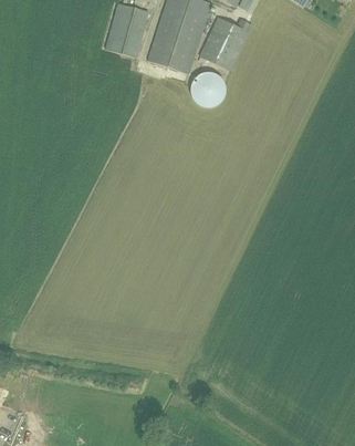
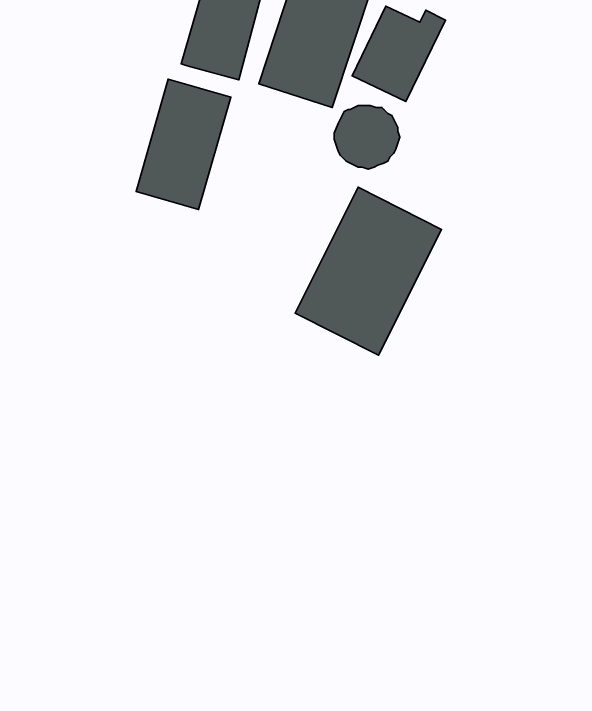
building: none -> [136,79,231,210]
building: none -> [295,187,442,355]

